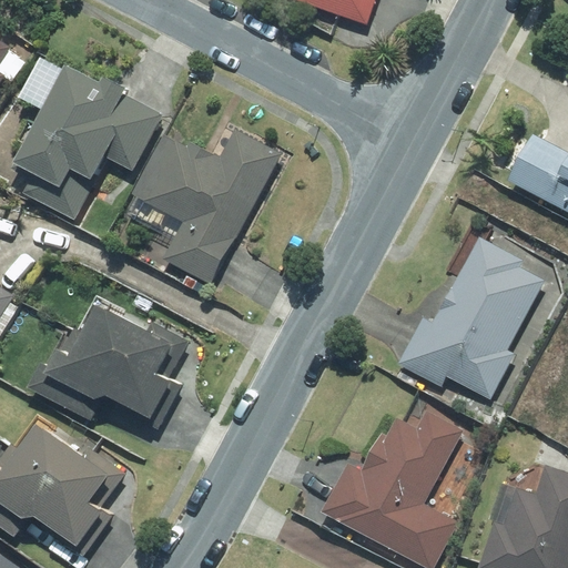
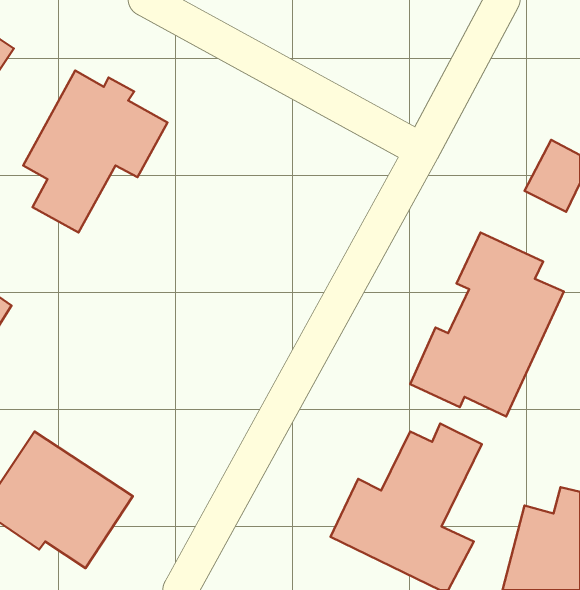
building: [132,129,282,284] -> none
building: [29,301,187,432] -> none

